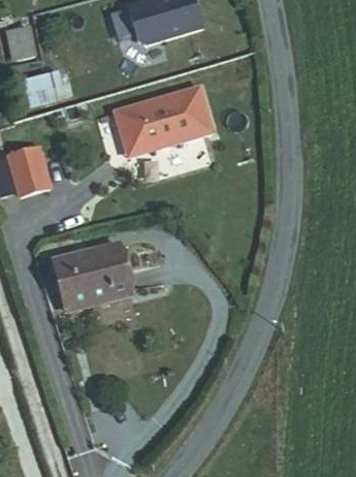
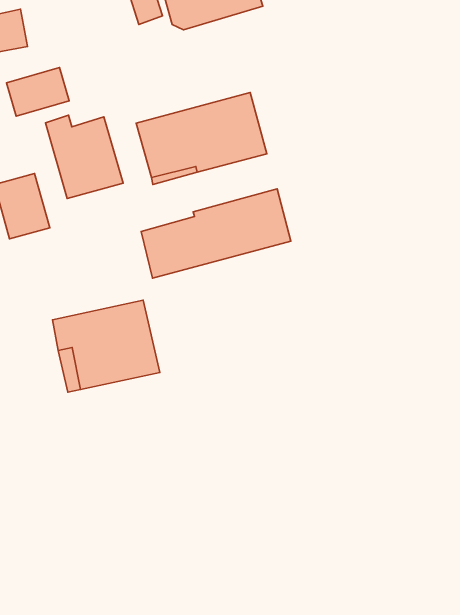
building: none -> [45,115,123,198]
building: none -> [141,189,291,278]

